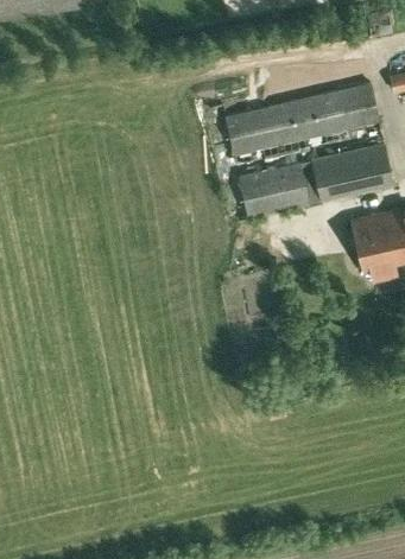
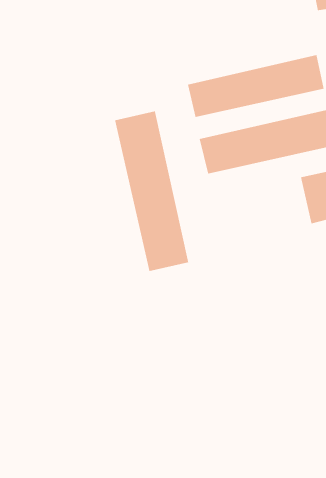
building: none -> [114,110,189,272]

